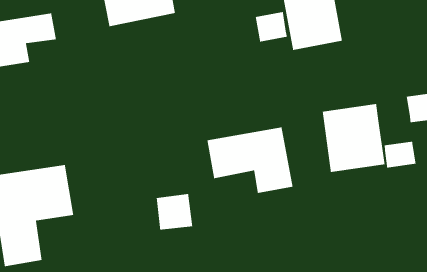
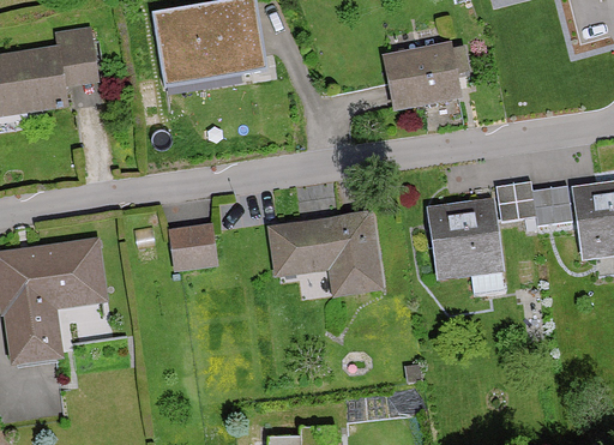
building: [255,11,288,43] -> none
building: [384,141,417,168] -> [496,184,536,216]
building: [156,193,193,231] -> [171,225,216,270]

